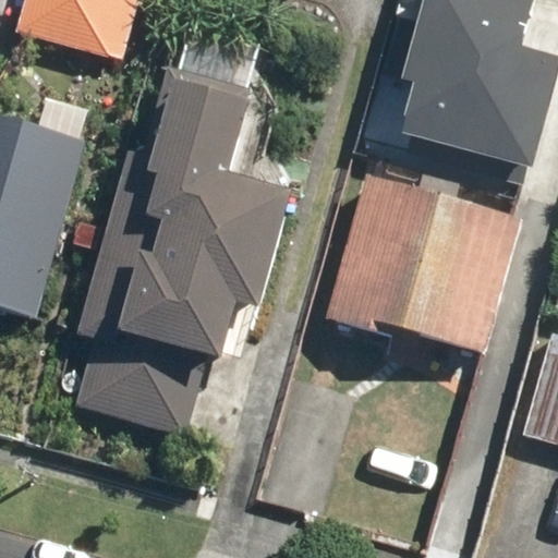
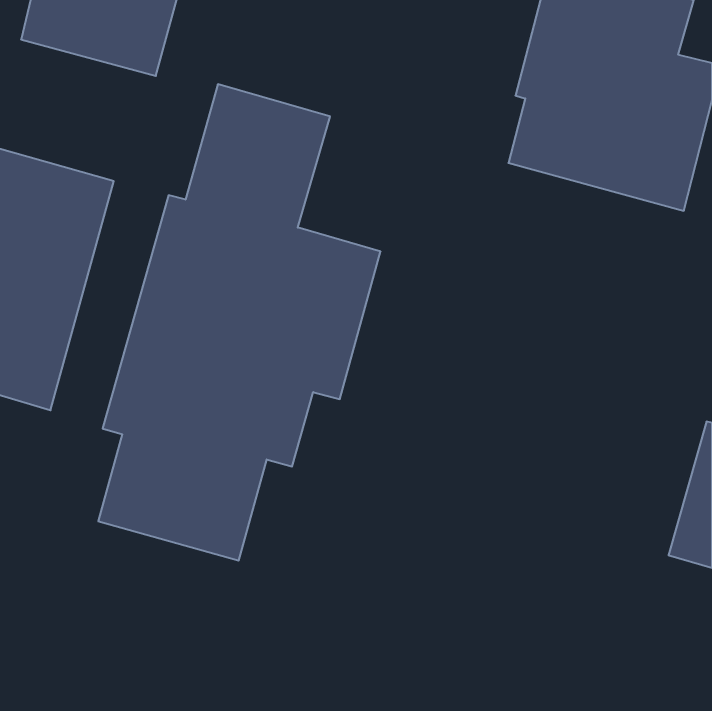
building: [328,175,522,348] -> none

